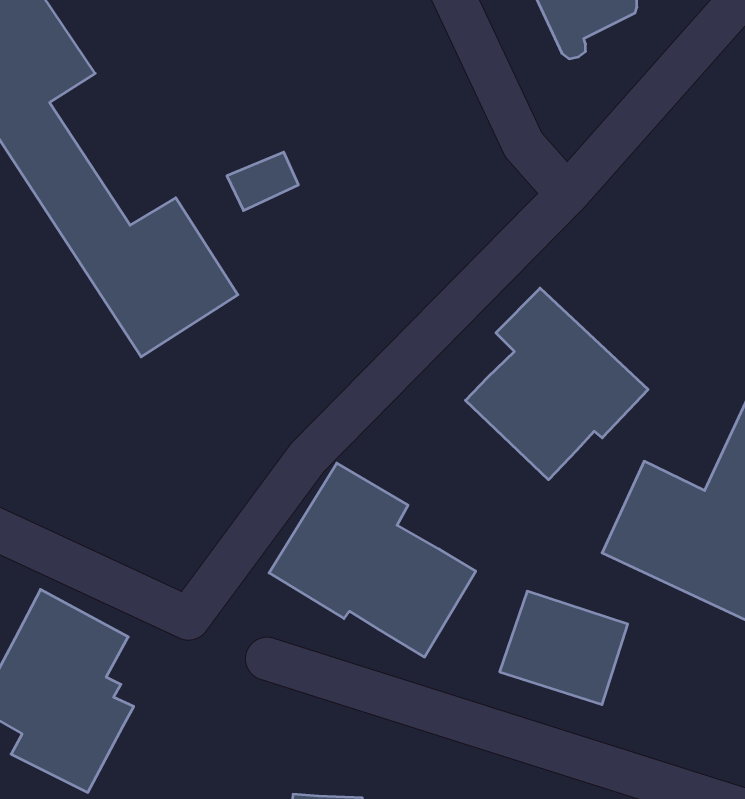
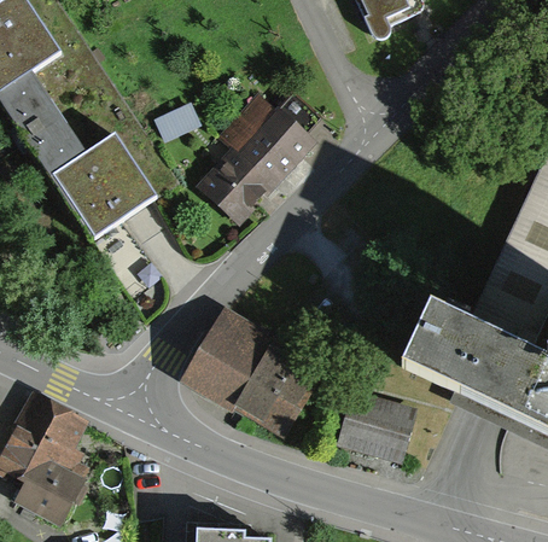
building: none -> [197,93,321,222]
building: [465,288,648,480] -> none

